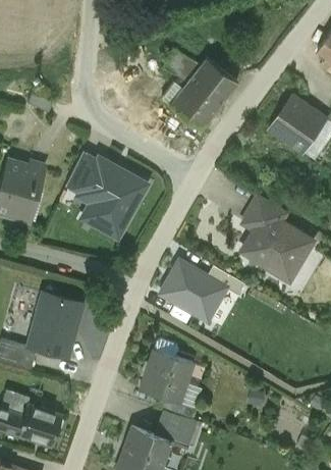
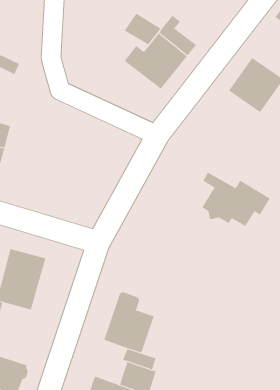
building: [67,154,150,241] -> none
building: [249,195,288,230] -> none
building: [158,257,231,322] -> none

